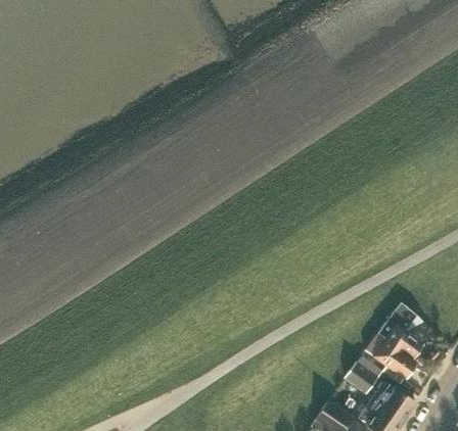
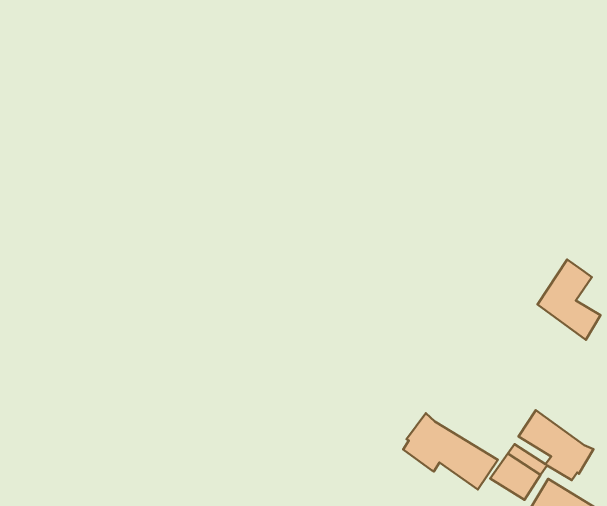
building: [378,301,421,357] -> [538,259,600,340]
building: none -> [403,413,498,489]

